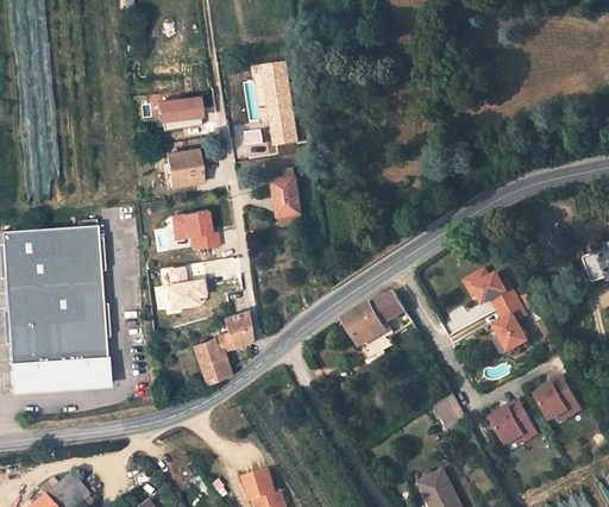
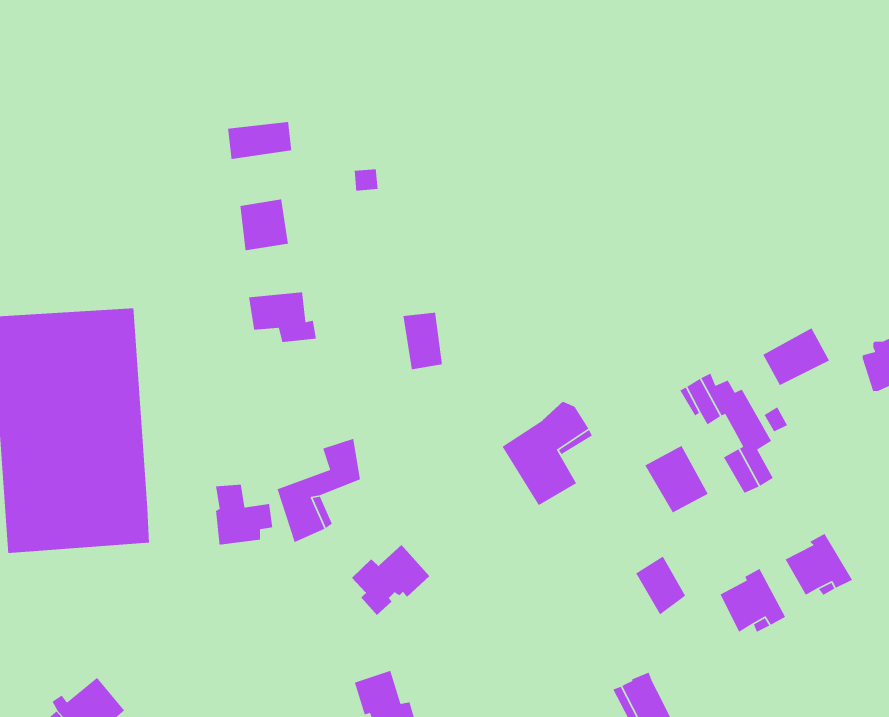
building: [251,62,293,144] -> none
building: [272,177,300,217] -> [402,312,443,370]
building: none -> [762,327,830,386]
building: [168,268,207,309] -> [215,484,273,546]
building: none -> [644,445,709,513]
building: none -> [351,544,430,616]

